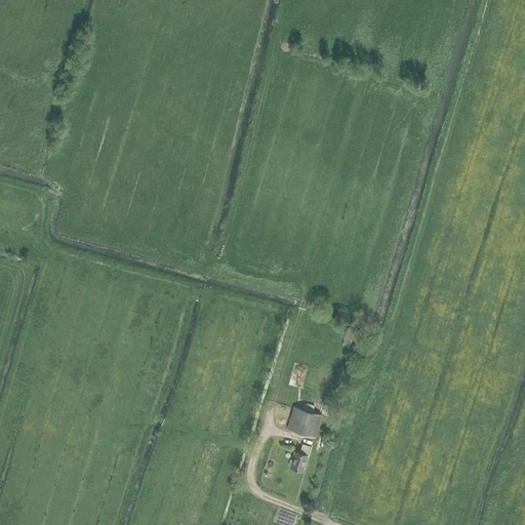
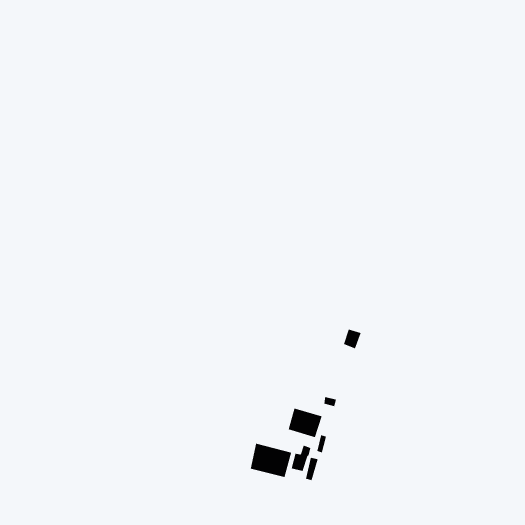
building: none -> [250,443,292,478]

